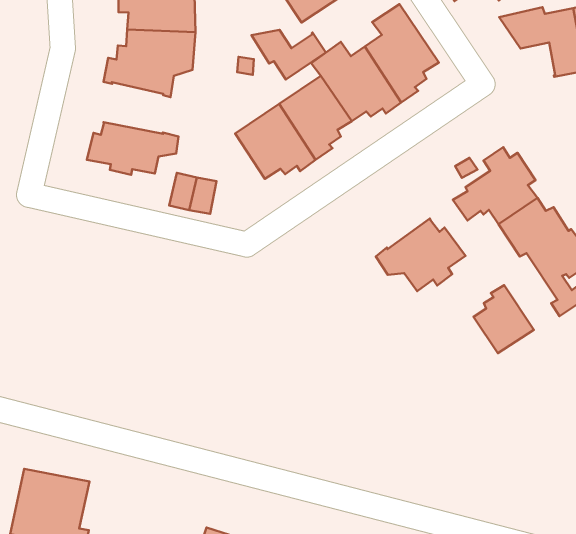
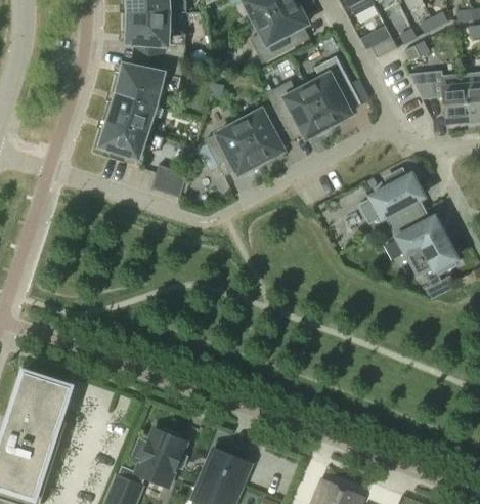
building: [251,30,326,80] -> none
building: none -> [102,91,158,133]
building: [376,219,466,291] -> none
building: [474,285,534,353] -> none

